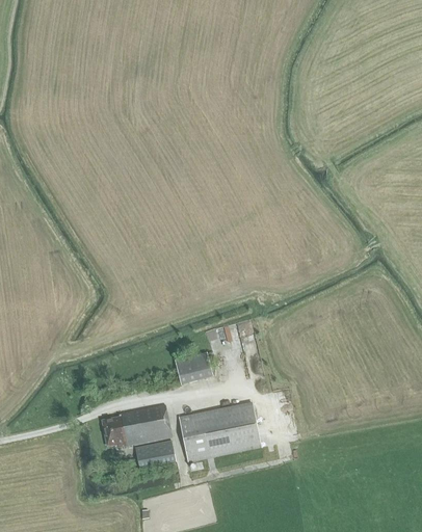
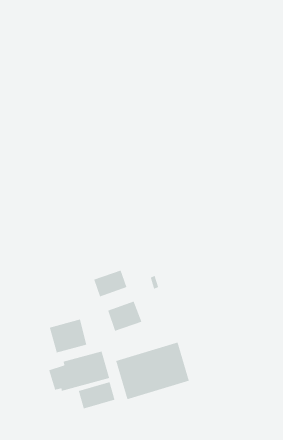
building: none -> [93,269,128,297]
building: none -> [49,318,87,353]

